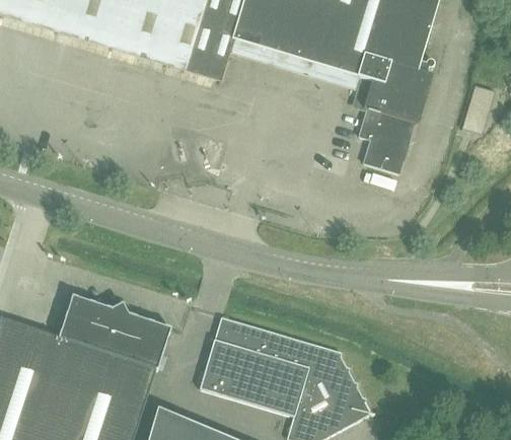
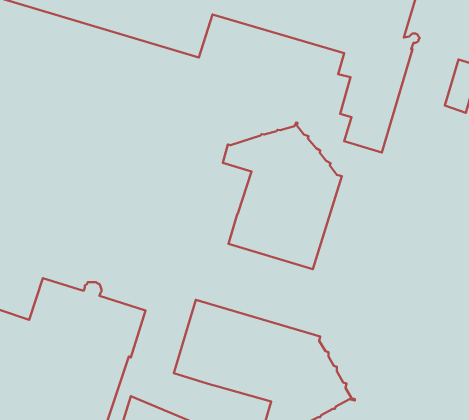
building: none -> [223,122,342,269]

